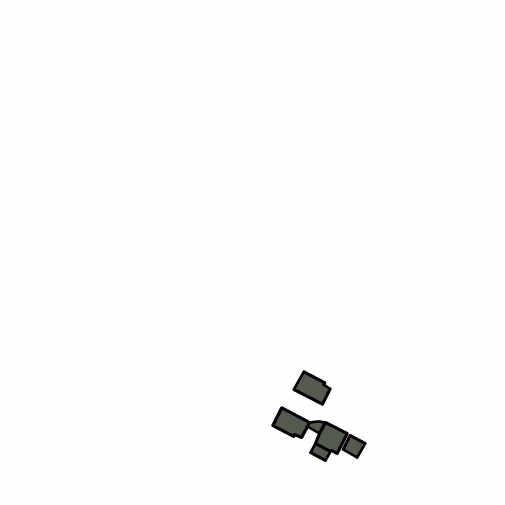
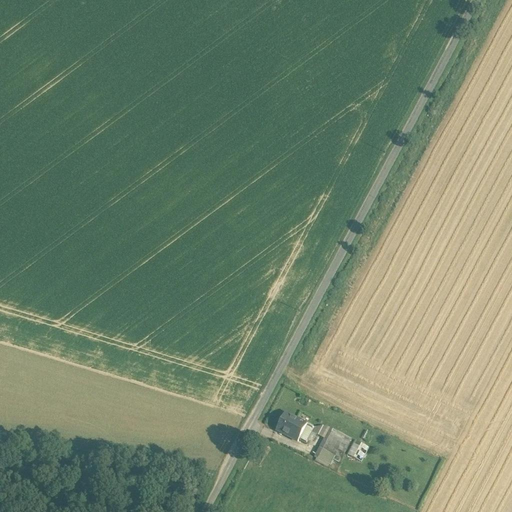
building: [294,372,330,404] -> none

